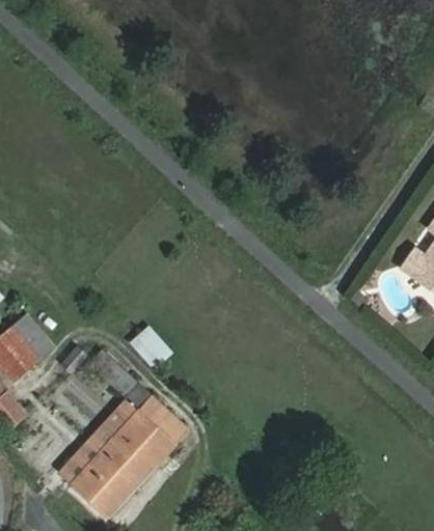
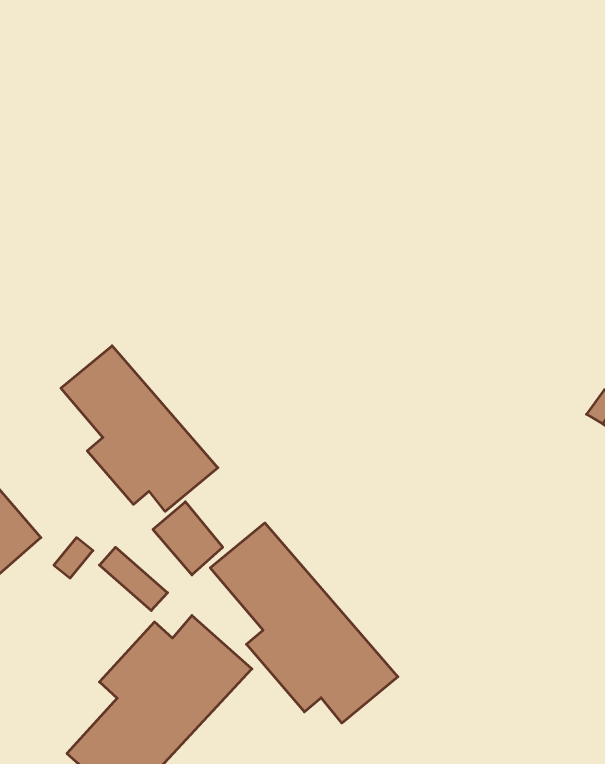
building: none -> [61,346,218,511]
building: none -> [210,523,398,723]

